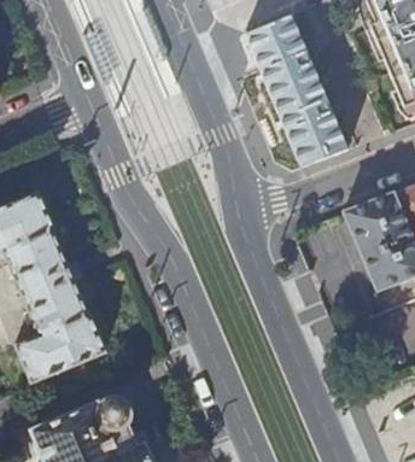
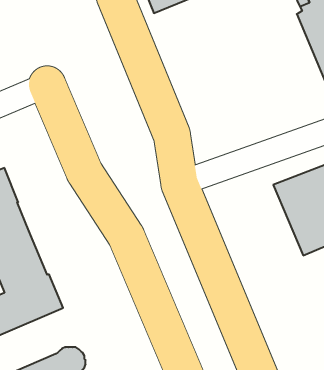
building: [245,11,349,162] -> none

